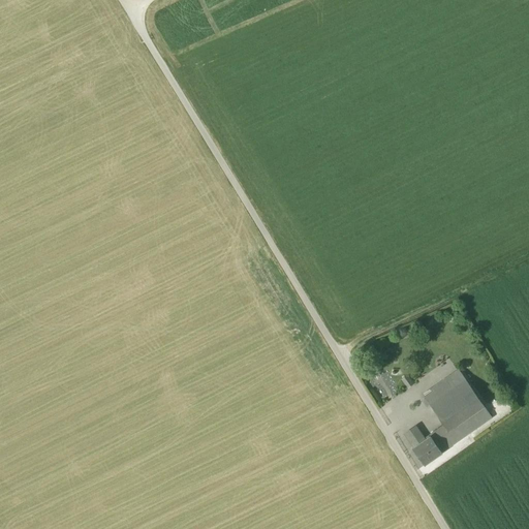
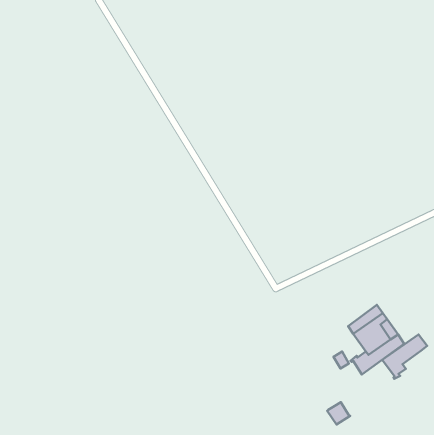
building: none -> [382,335,427,379]
building: [412,438,440,465] -> [327,402,350,424]

